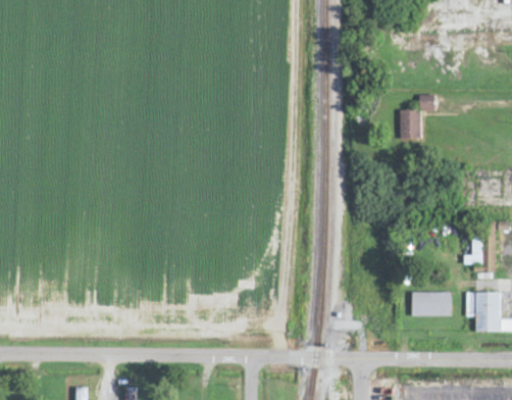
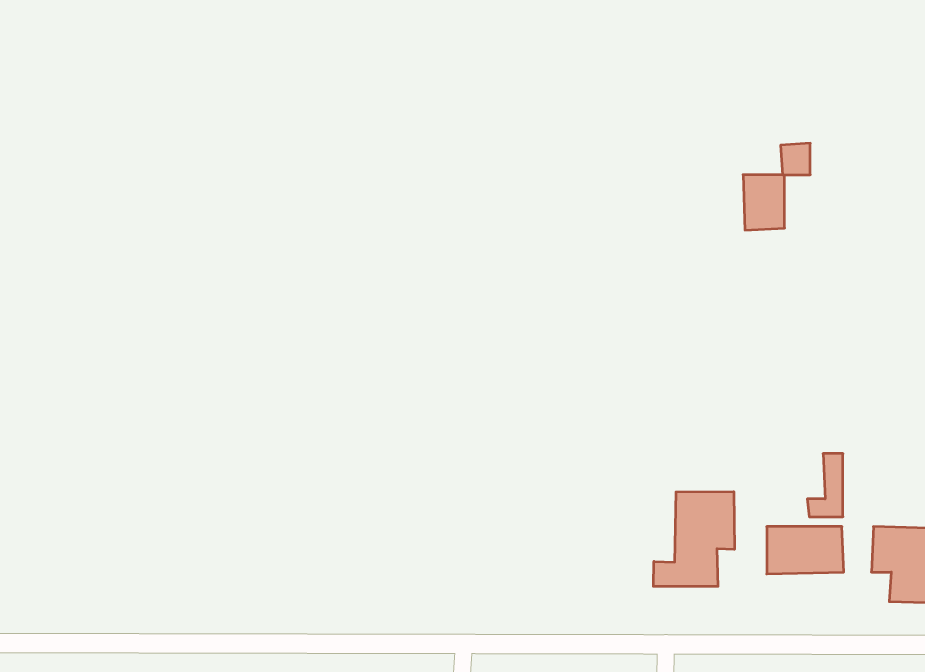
building: [464,232,482,264] -> [807,454,843,517]
building: none -> [653,492,734,586]

